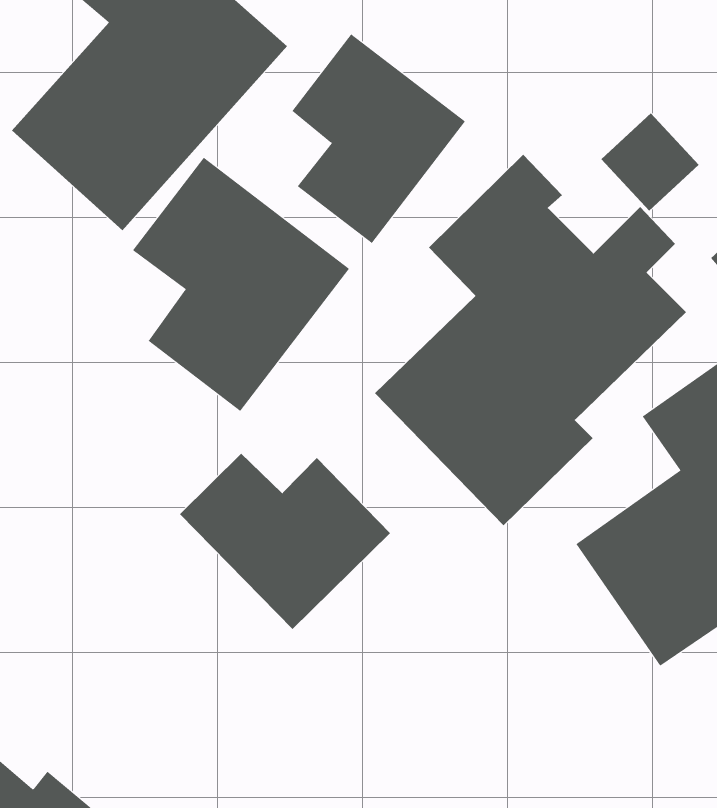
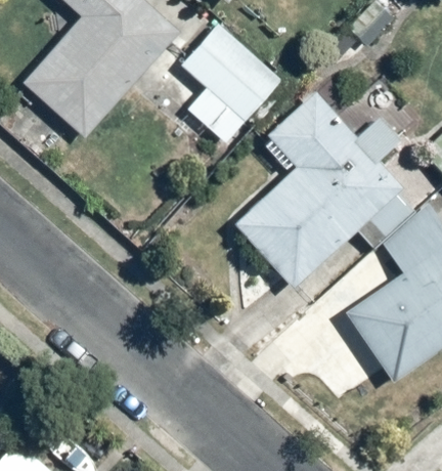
building: [132,157,350,412] -> none
building: [179,453,391,630] -> none

